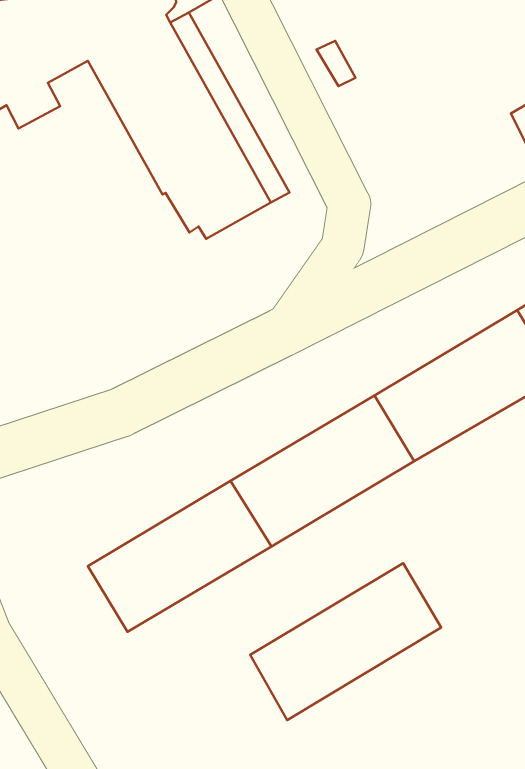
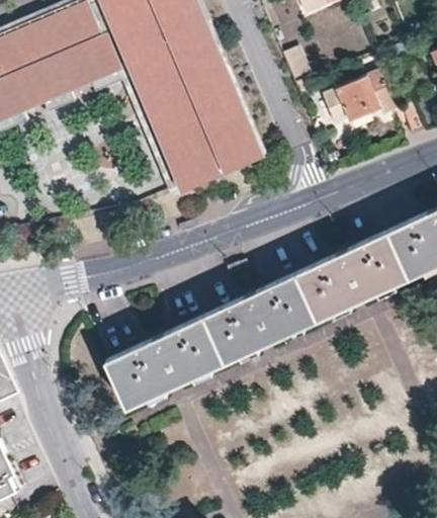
building: none -> [323,72,397,125]
building: none -> [115,49,206,189]
building: [250,563,441,720] -> none

